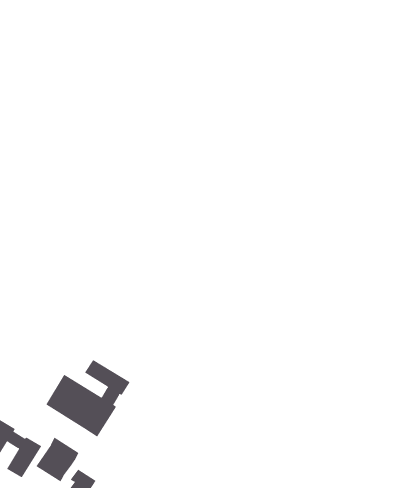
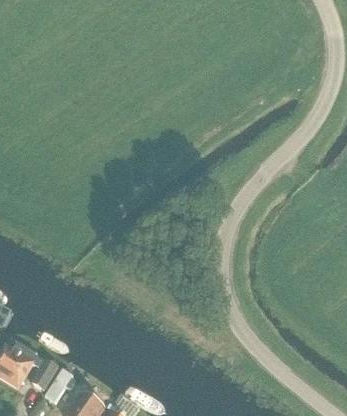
building: [46,359,131,438] -> none

